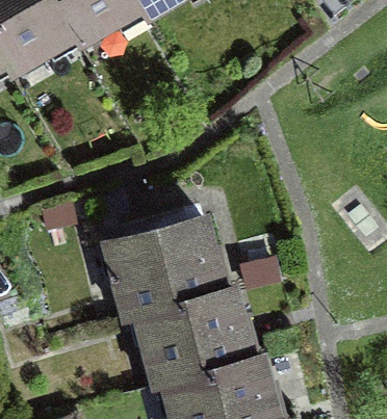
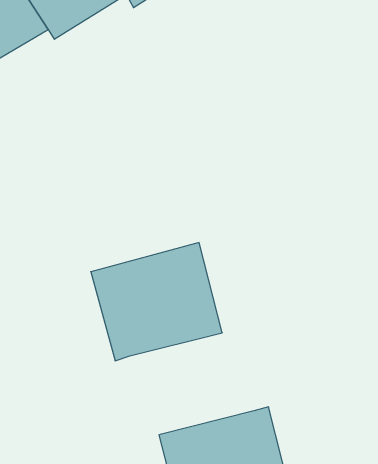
building: [141,293,249,385] -> none

